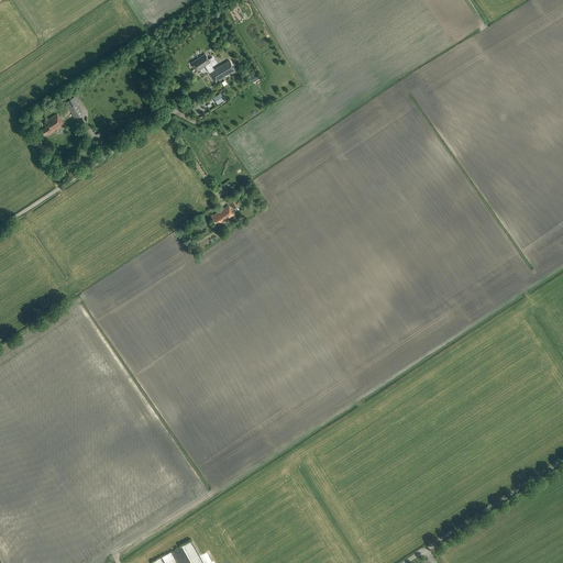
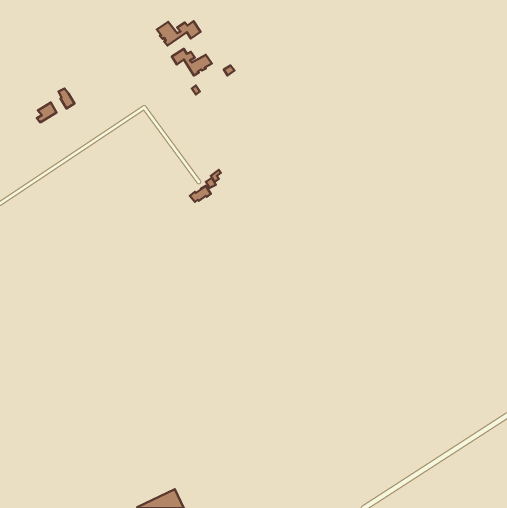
building: none -> [157,21,201,46]

